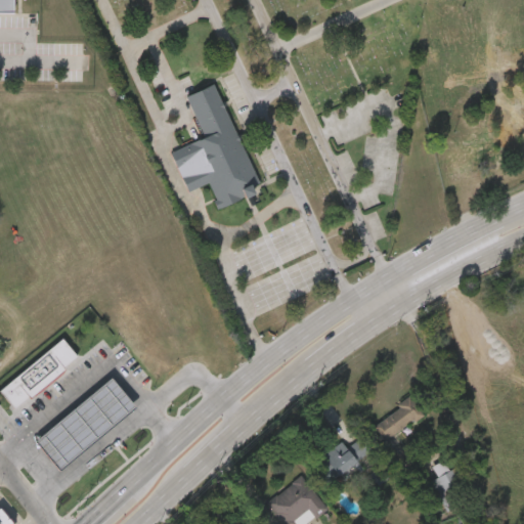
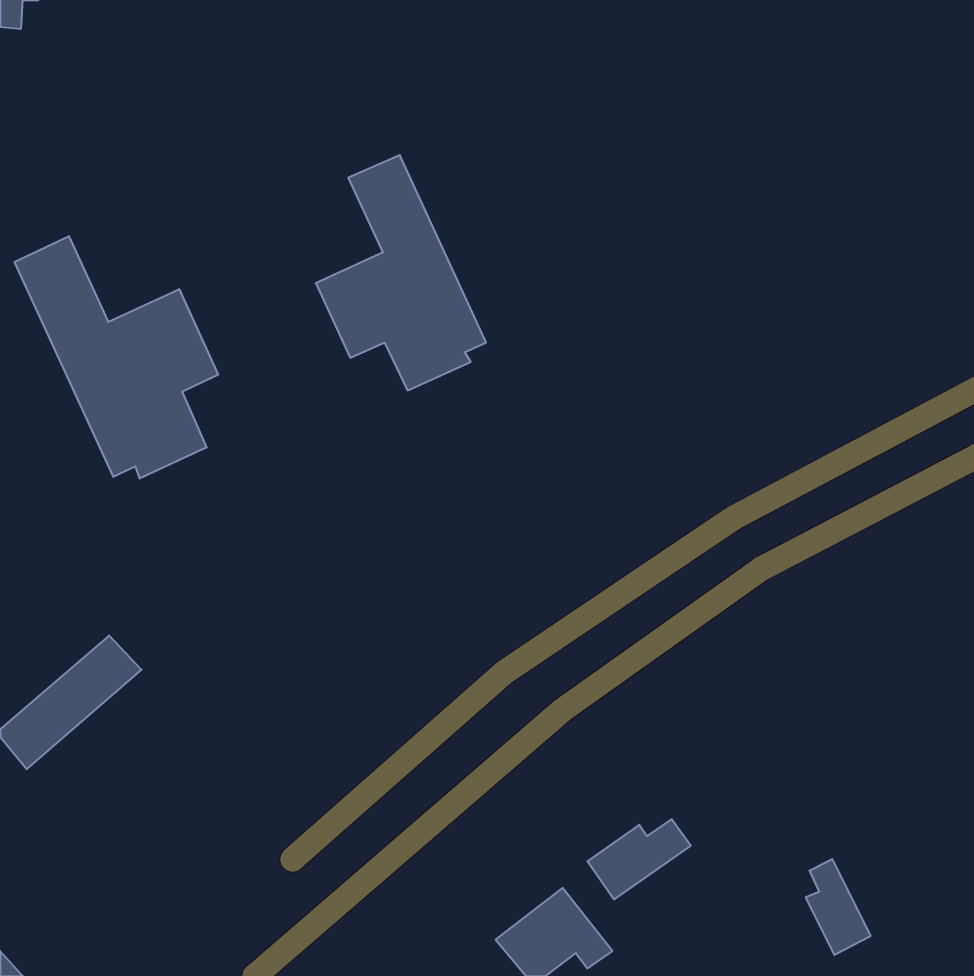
building: none -> [15,236,218,479]
building: [35,378,134,470] -> none
building: [375,396,425,440] -> none

